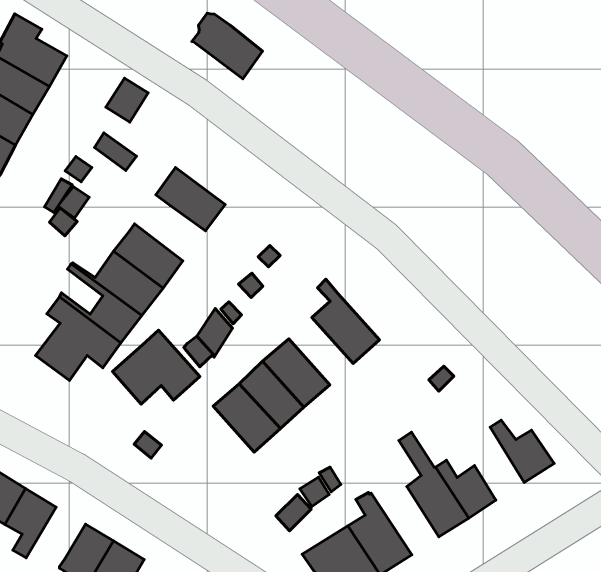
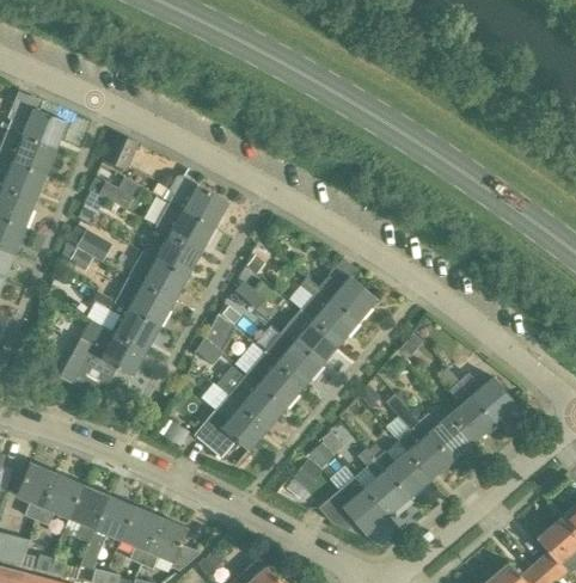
building: [192,13,263,79] -> [167,177,227,227]
building: none -> [141,234,201,278]
building: none -> [318,258,376,321]
building: none -> [282,311,338,364]
building: [113,330,200,404] -> [194,395,266,459]
building: none -> [448,381,494,441]
building: none -> [368,440,429,496]
building: none -> [90,497,135,547]

